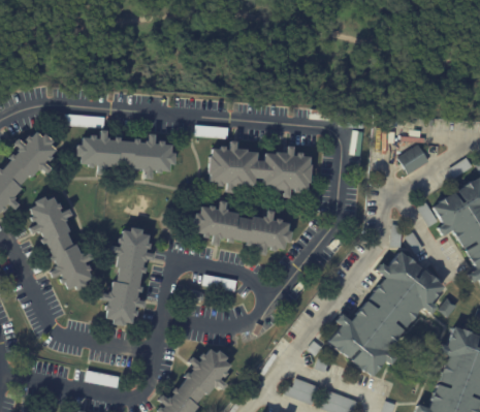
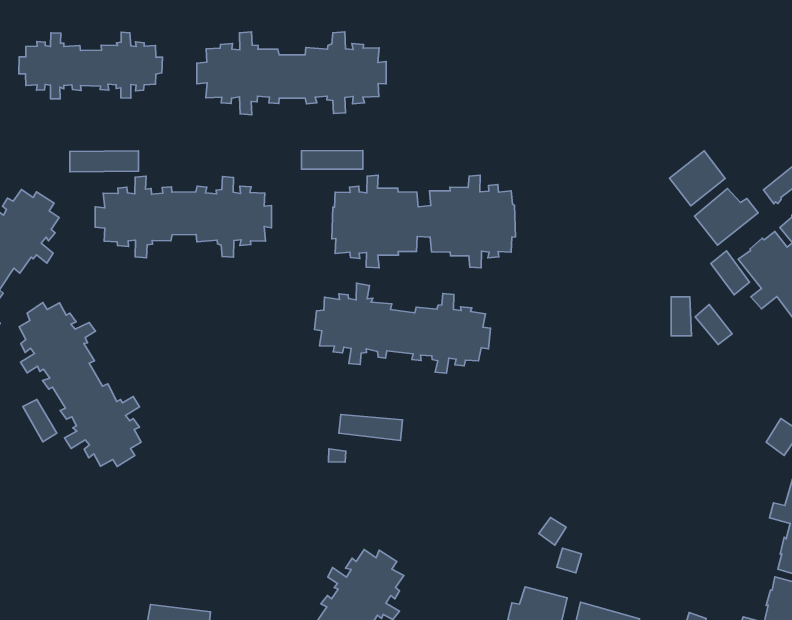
building: none -> [19,32,163,99]
building: none -> [197,32,386,115]
building: none -> [694,189,758,245]
building: [101,227,156,327] -> none
building: [329,251,445,377] -> none

